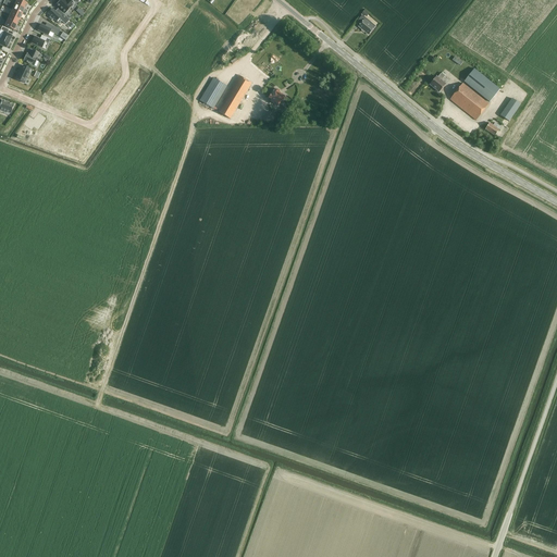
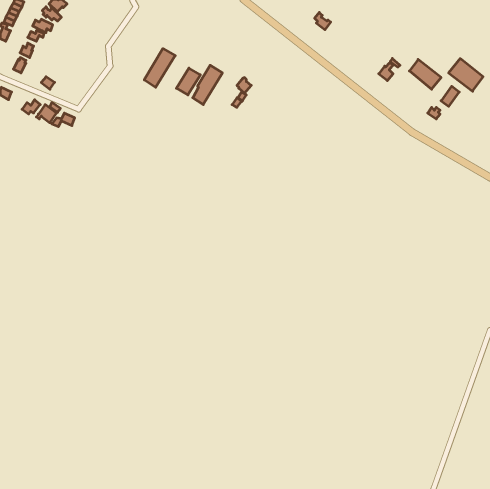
building: none -> [144,49,175,87]
building: [449,83,488,120] -> [449,59,483,91]

